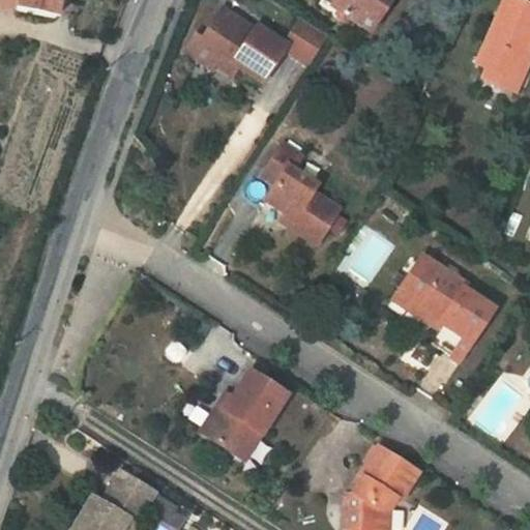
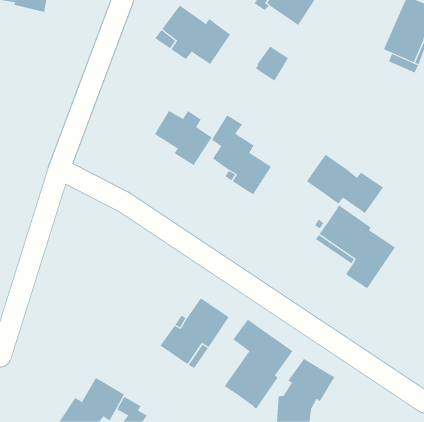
building: [286,20,328,64] -> [255,46,289,81]
building: none -> [154,110,213,166]
building: none -> [306,154,384,214]
building: none -> [224,319,293,409]

